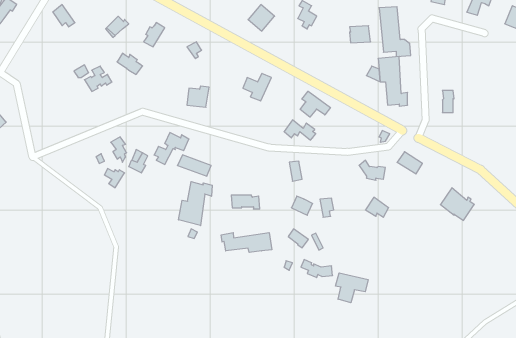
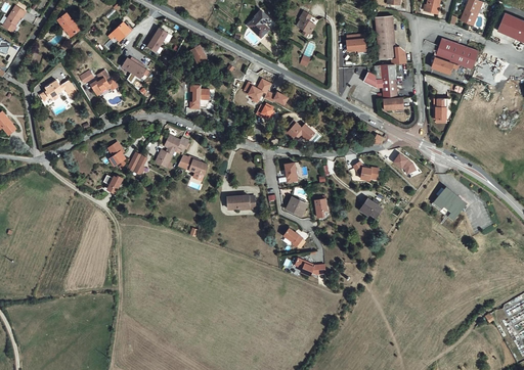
building: none -> [430,36,478,73]
building: none -> [36,80,75,101]
building: [300,91,330,117] -> none
building: [179,182,212,226] -> none
building: [221,233,272,252] -> none
building: [336,273,368,303] -> none

